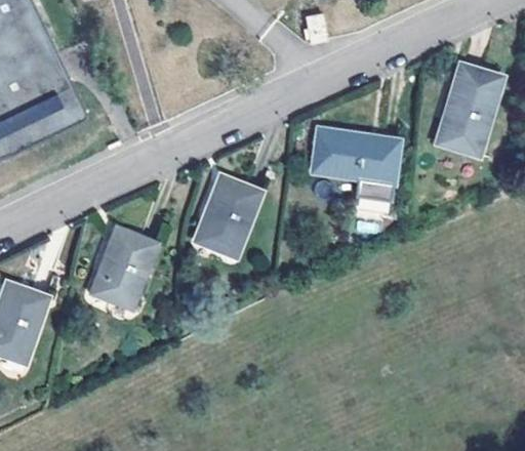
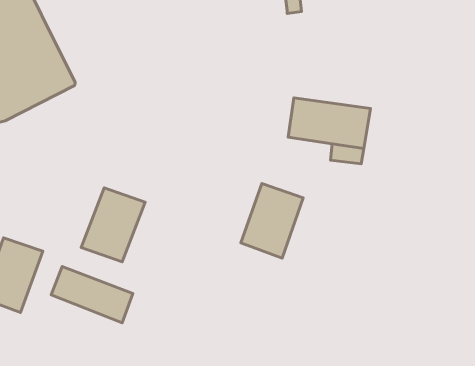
building: [437,63,500,155] -> none
building: [196,176,262,256] -> [241,183,303,258]
building: none -> [51,267,133,323]

